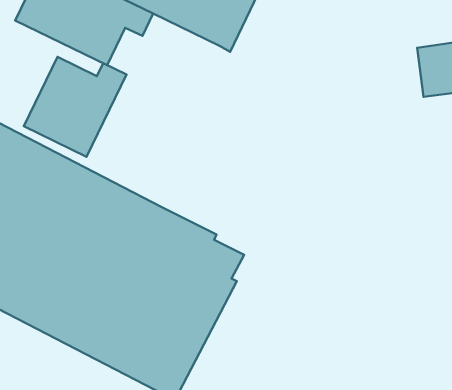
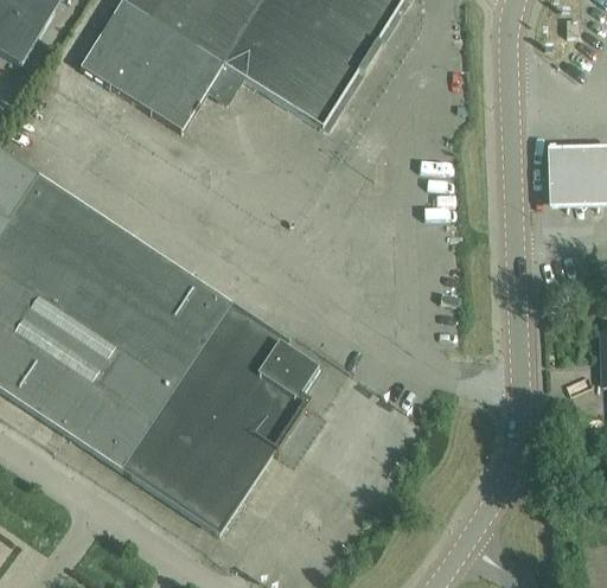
building: [24,57,126,157] -> none

